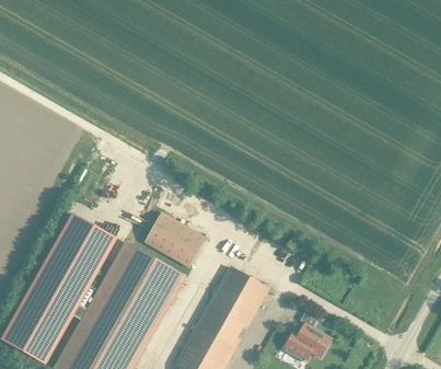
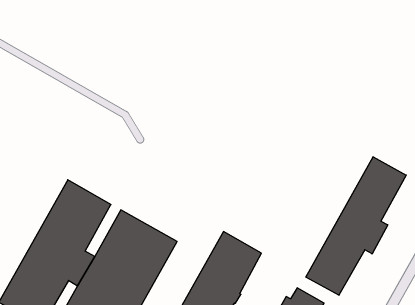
building: none -> [306,157,406,295]
building: [144,212,205,267] -> none

